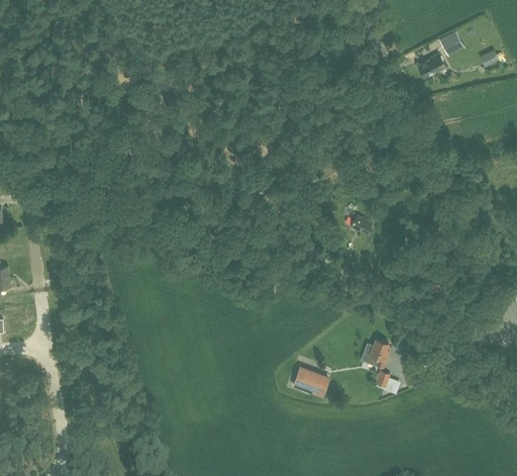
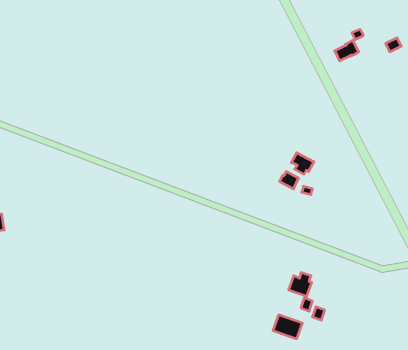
building: none -> [291,153,314,174]
building: [294,363,330,392] -> [273,315,302,339]

